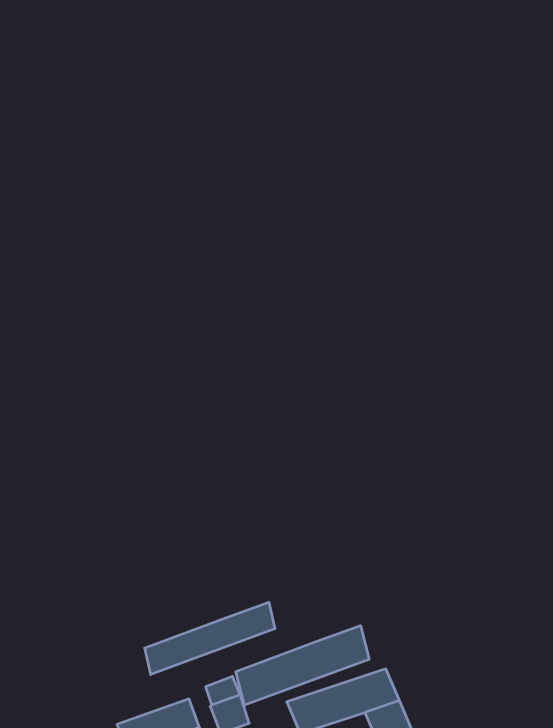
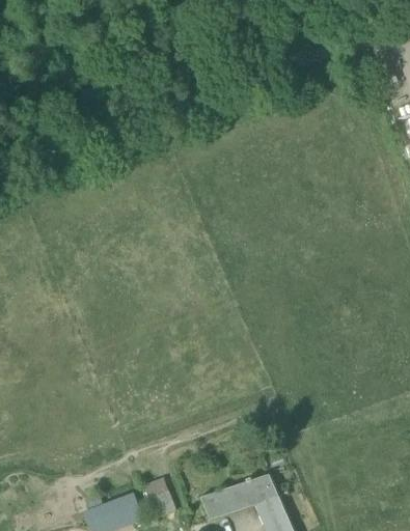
building: [145,602,275,675] -> none
building: [236,626,369,705] -> none

